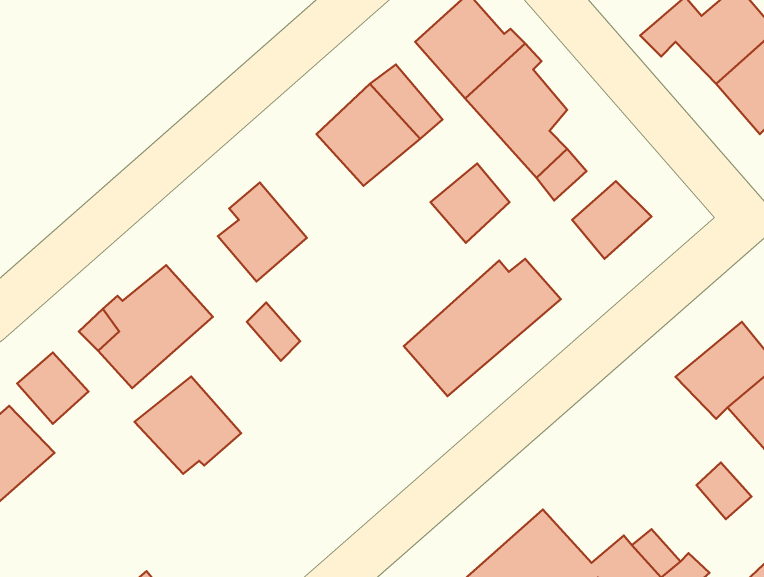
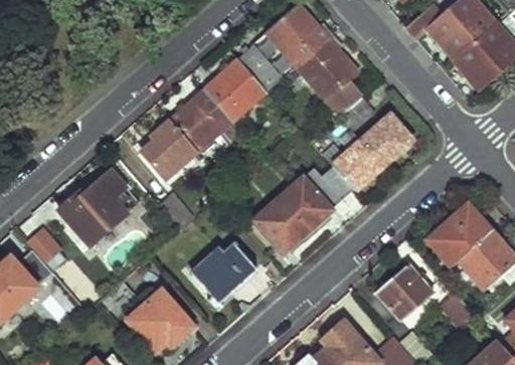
building: none -> [168,88,232,153]
building: [430,163,510,243] -> [333,142,382,191]
building: [135,377,241,474] -> [127,292,193,352]
building: none -> [193,245,259,302]
building: none -> [373,263,434,322]

